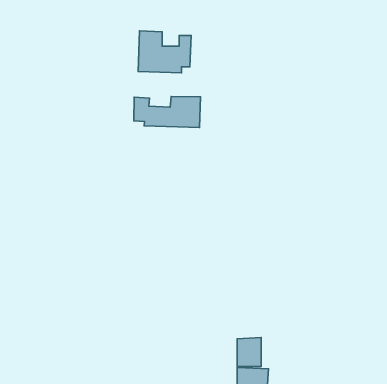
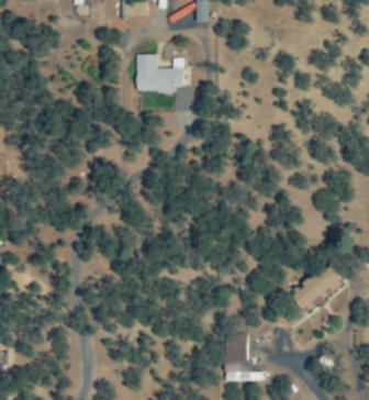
building: [134,96,200,128] -> none
building: none -> [290,264,344,312]

